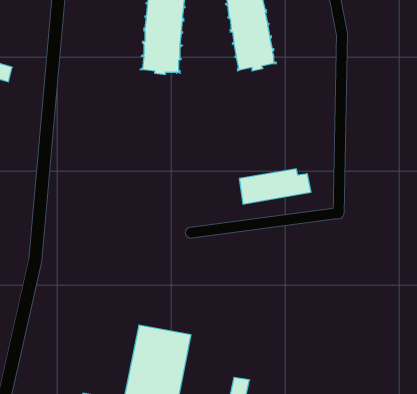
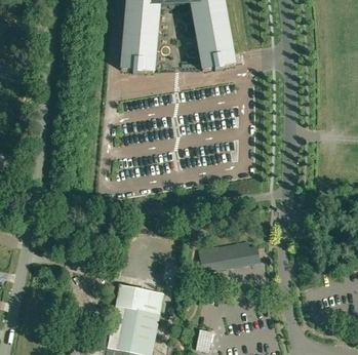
building: [239,169,311,204] -> [199,242,260,272]

